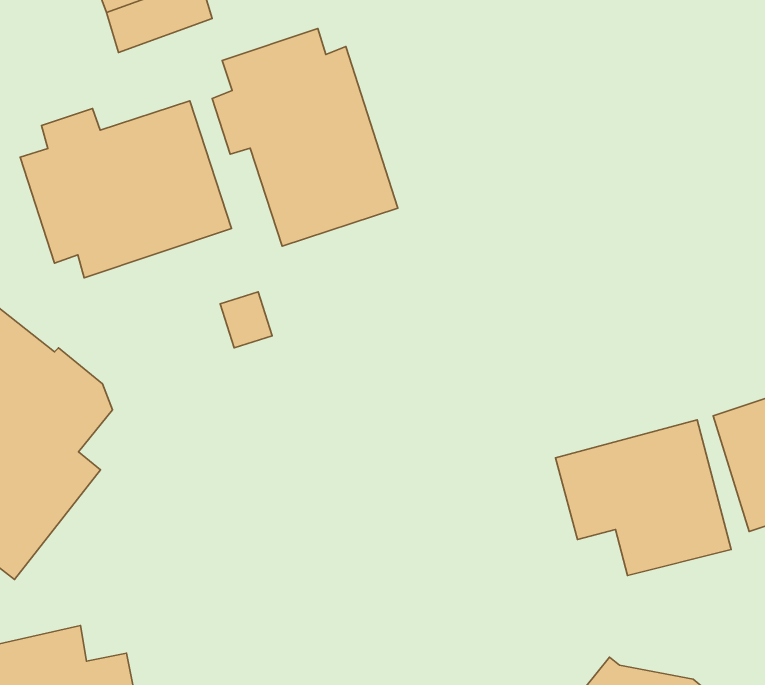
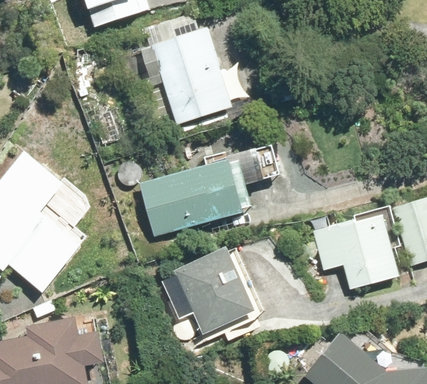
building: [20,101,232,278] -> none
building: none -> [139,157,252,238]
building: none -> [162,246,256,335]

